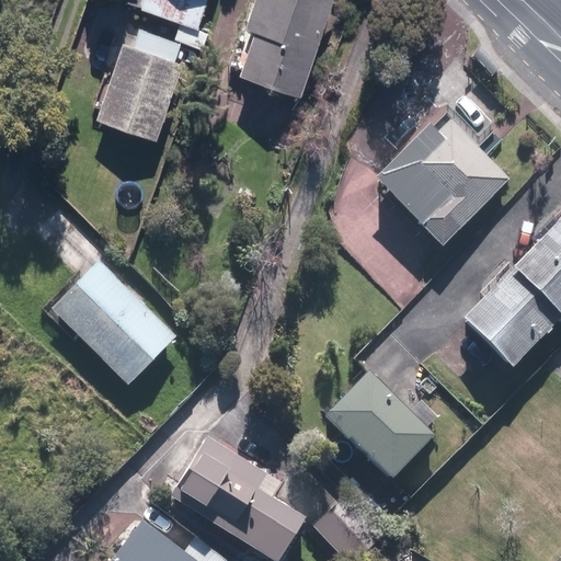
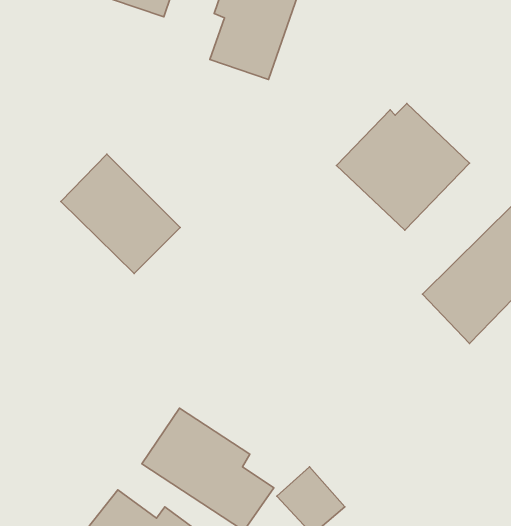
building: [96,26,185,138] -> none
building: [50,260,175,385] -> [61,154,180,274]
building: [323,369,434,480] -> none

